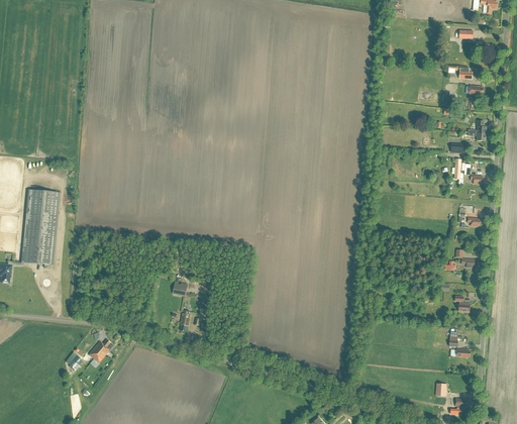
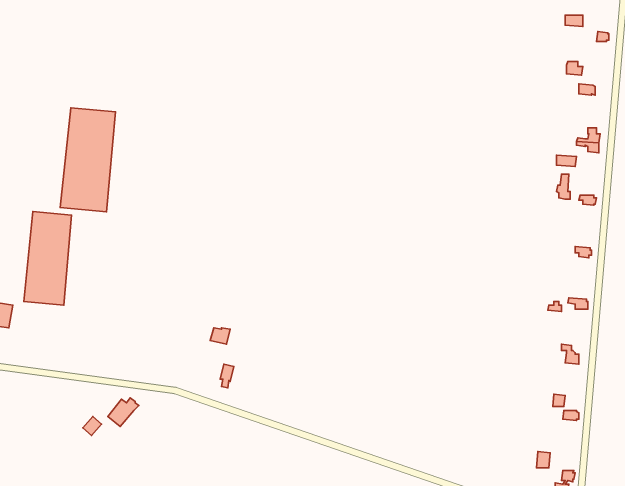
building: none -> [60,108,116,212]

